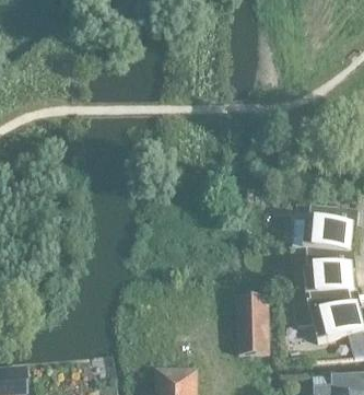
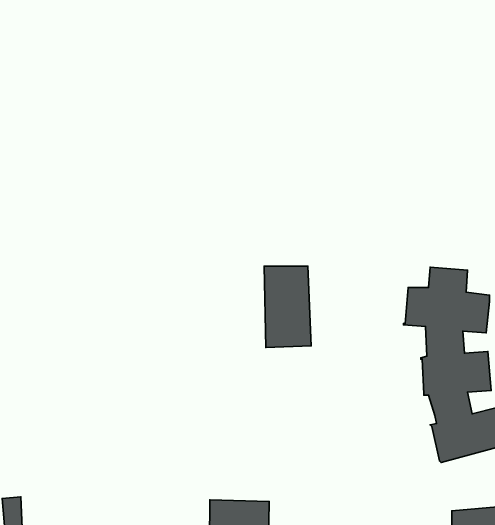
building: [237,293,270,350] -> [264,266,311,347]

